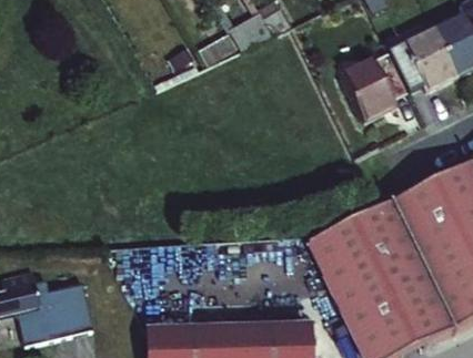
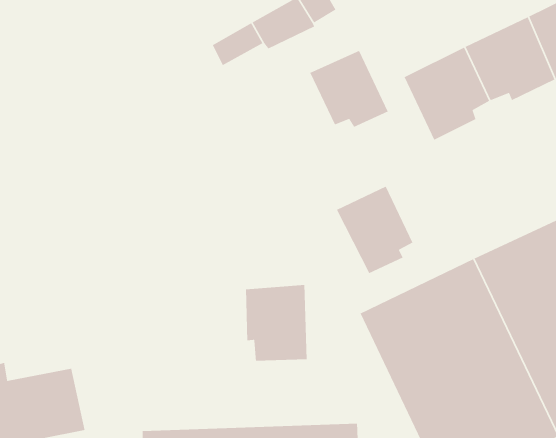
building: none -> [309,50,389,128]
building: none -> [336,186,413,274]
building: none -> [245,284,308,362]

